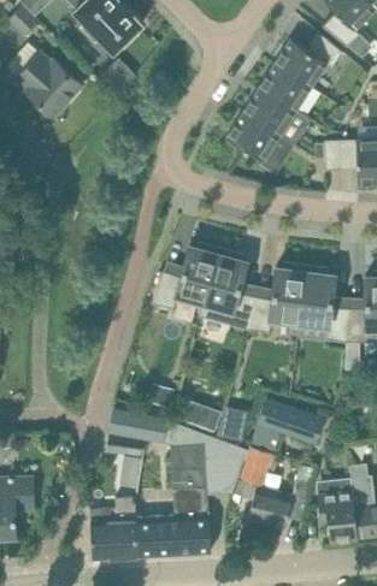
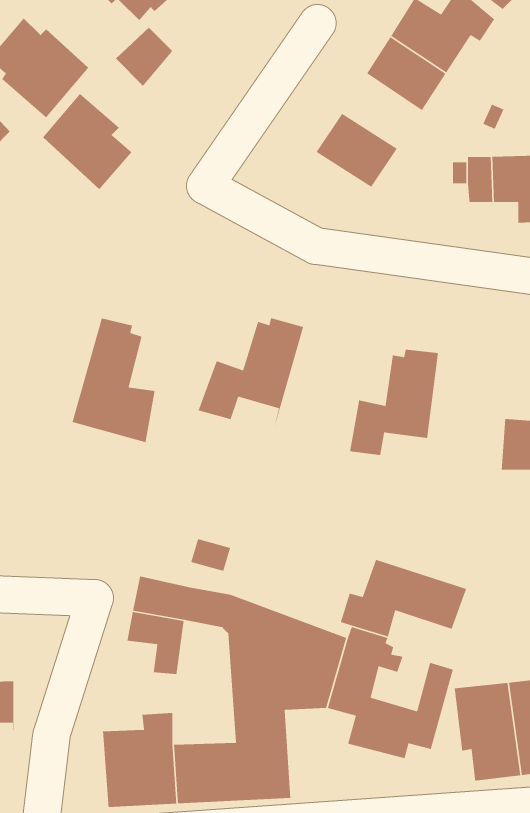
building: [243,88,295,136] -> none
building: none -> [42,93,132,190]
building: [200,250,254,331] -> [71,318,156,443]
building: [299,267,348,343] -> none
building: [181,399,246,440] -> none

